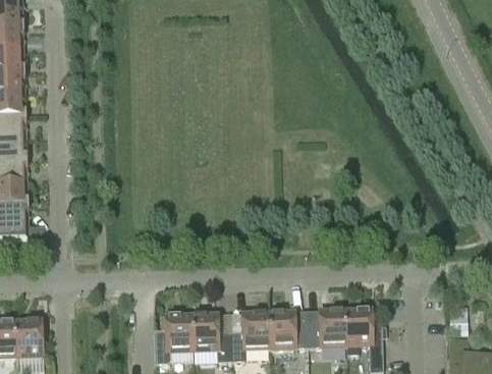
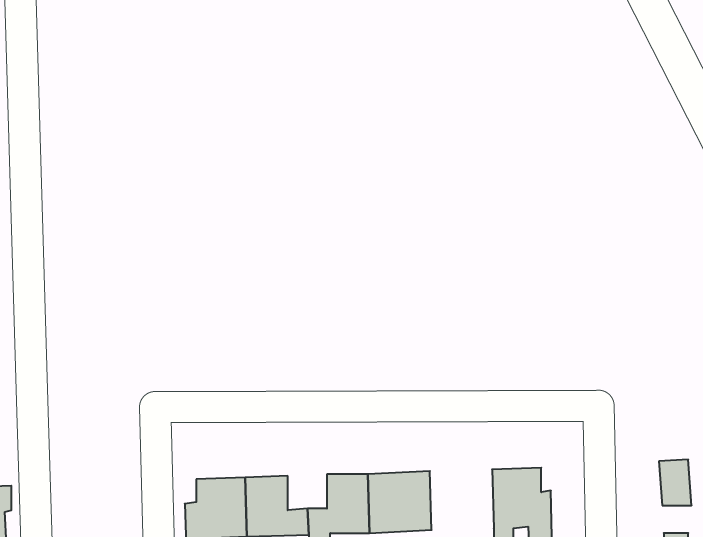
building: [307,310,346,348] -> none

